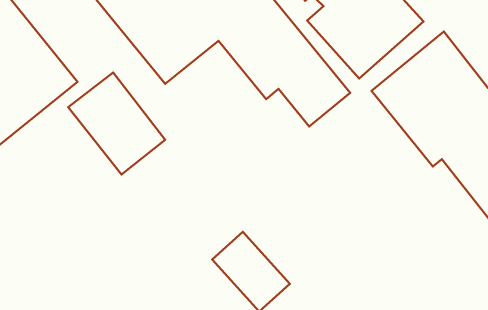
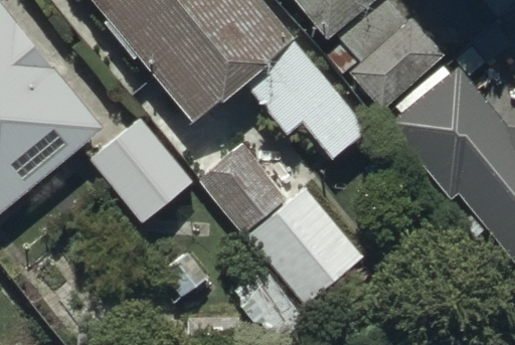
building: none -> [196,140,363,303]

